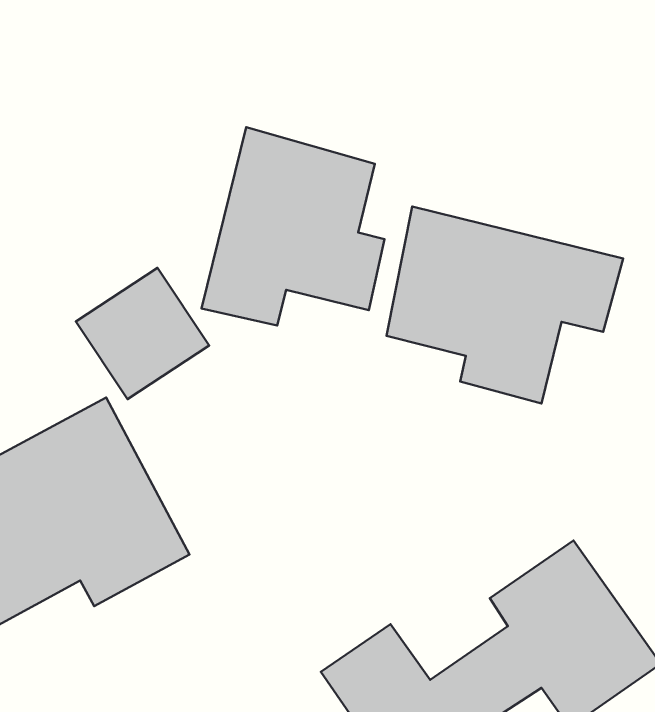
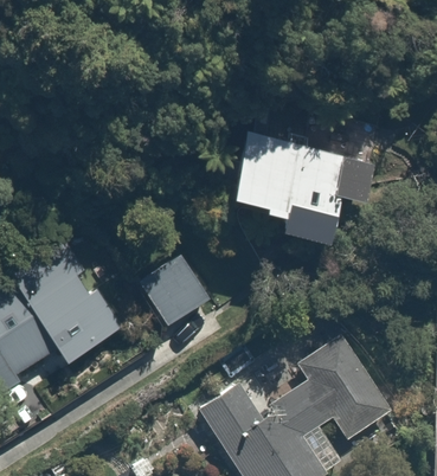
building: [202,127,384,325] -> none
building: [76,268,209,399] -> [136,246,216,324]

